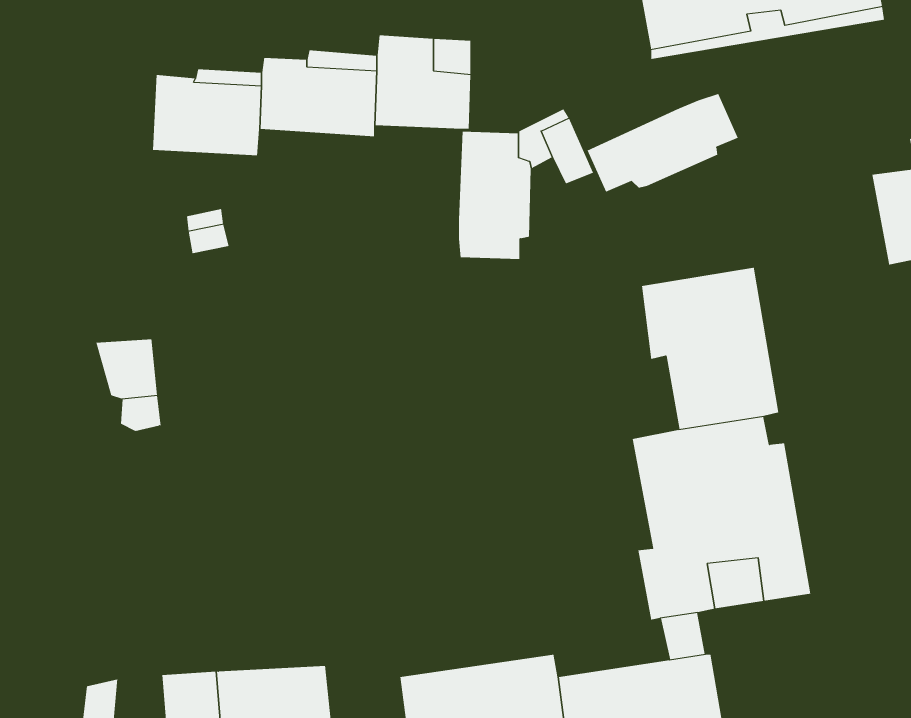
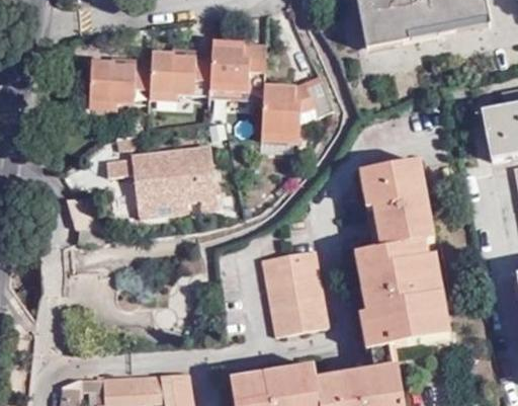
building: [587,93,739,192] -> none
building: none -> [106,146,219,219]
building: none -> [262,249,327,335]

